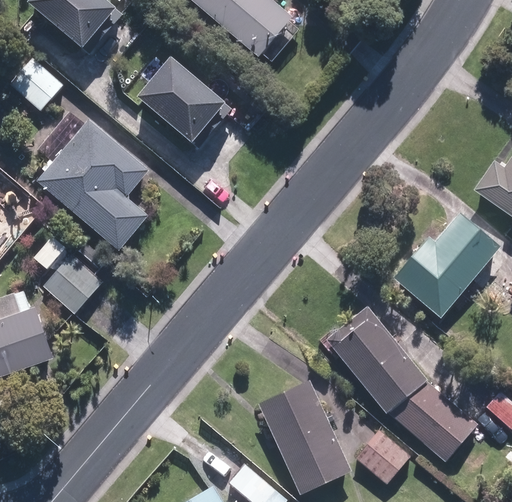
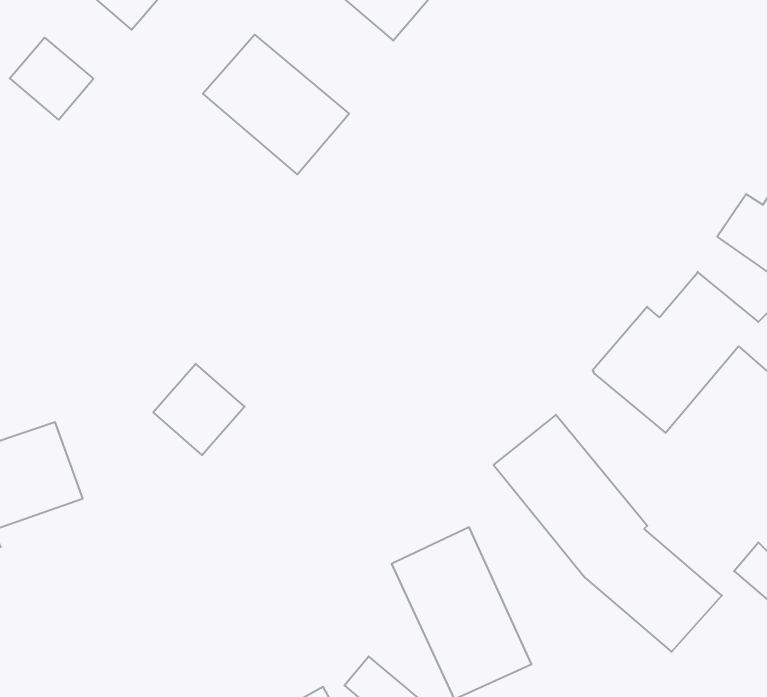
building: [37,111,150,252] -> none
building: [42,255,102,315] -> [153,364,245,455]
building: [356,430,410,484] -> none

